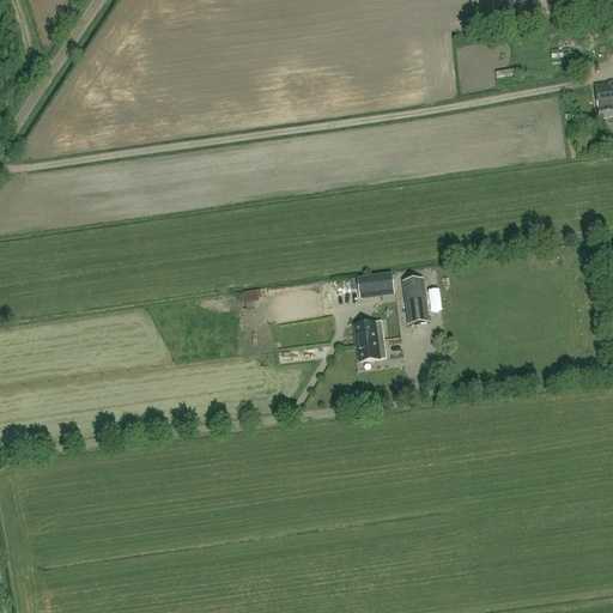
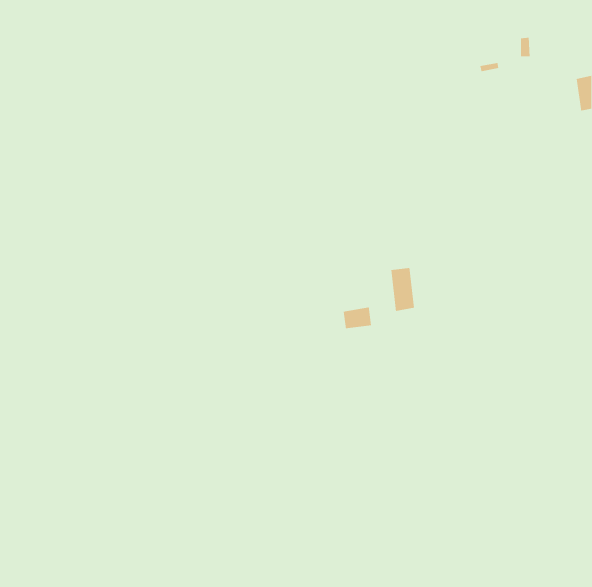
building: [358,271,394,296] -> none
building: [357,336,387,359] -> none

